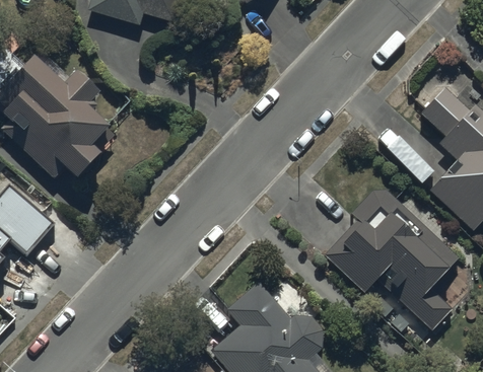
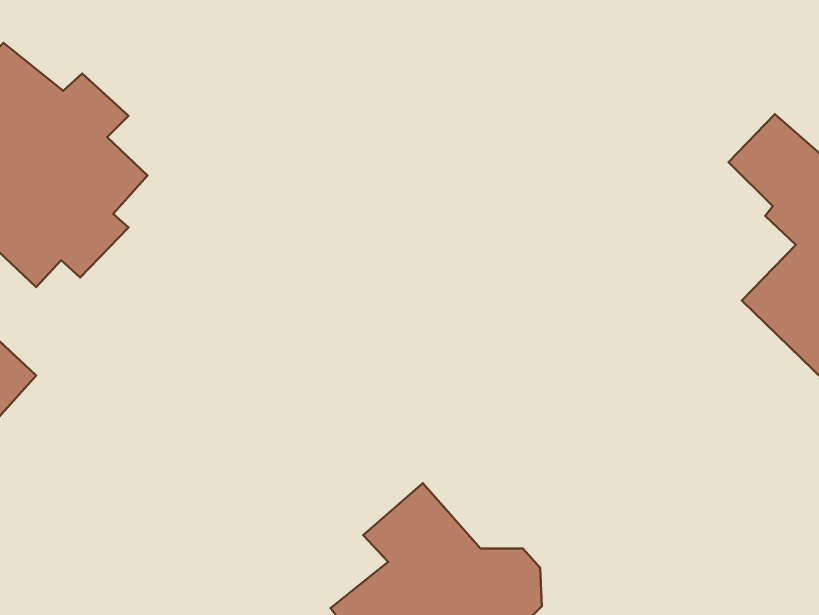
building: [325,189,458,331] -> none

